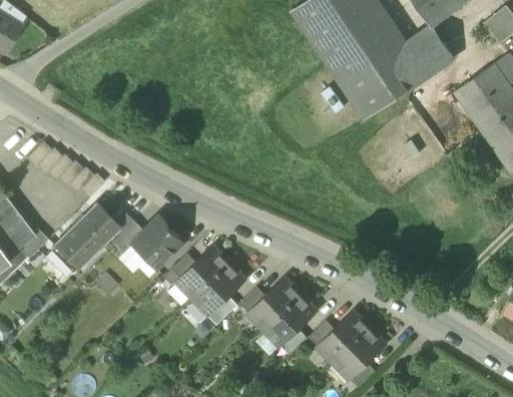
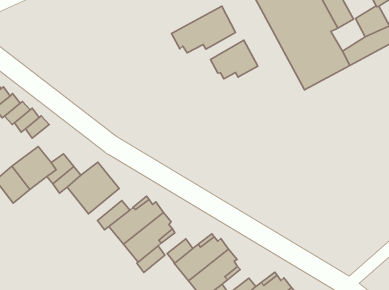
building: [386,41,422,76] -> none
building: none -> [172,6,236,53]
building: none -> [210,40,258,79]

